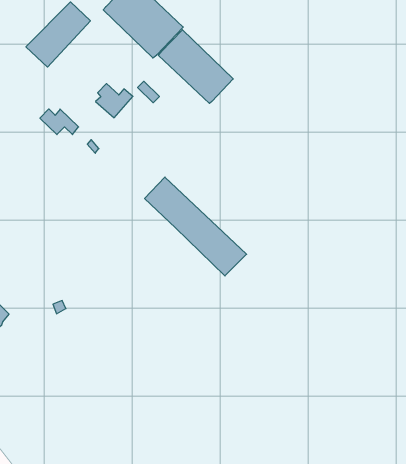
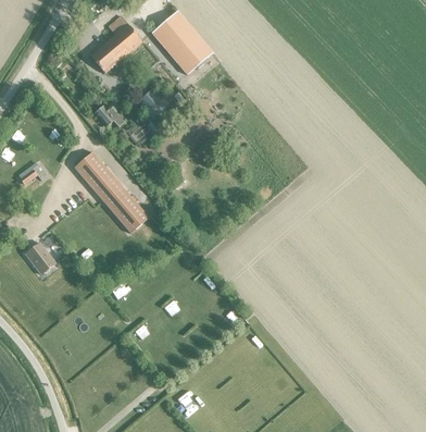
building: [159,30,233,103] -> none
building: [145,177,247,276] -> [74,151,149,233]

